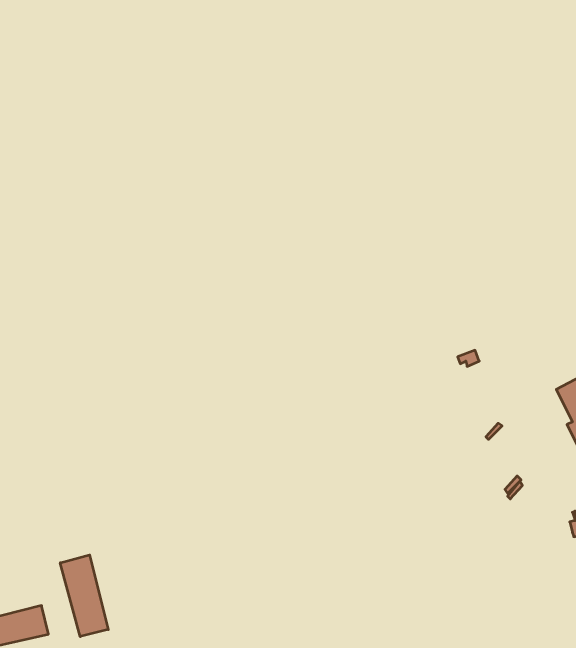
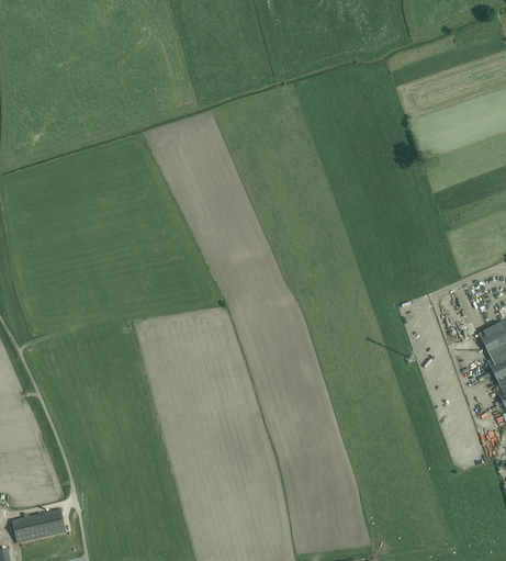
building: [60,555,108,637] -> none

